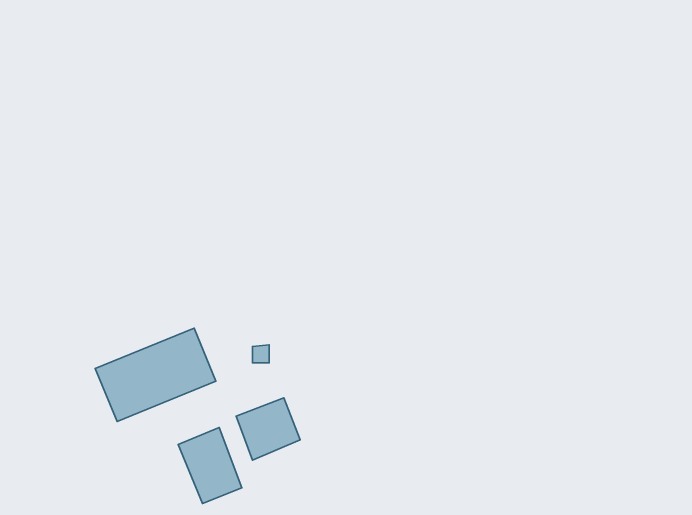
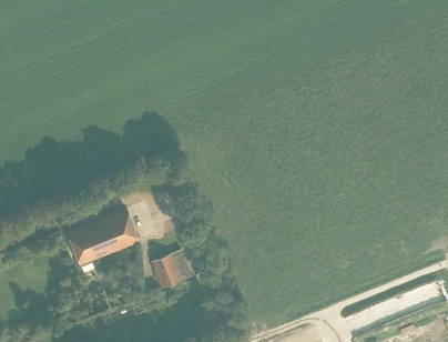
building: [178,427,242,504] -> none

